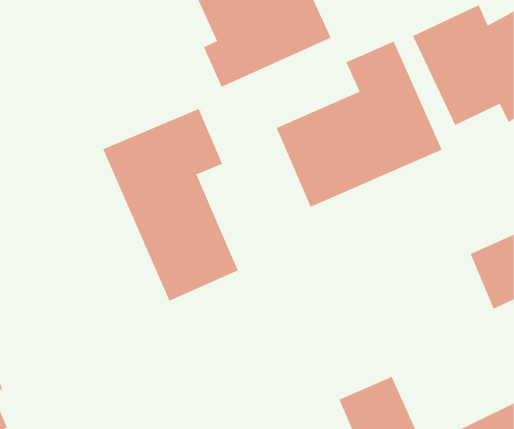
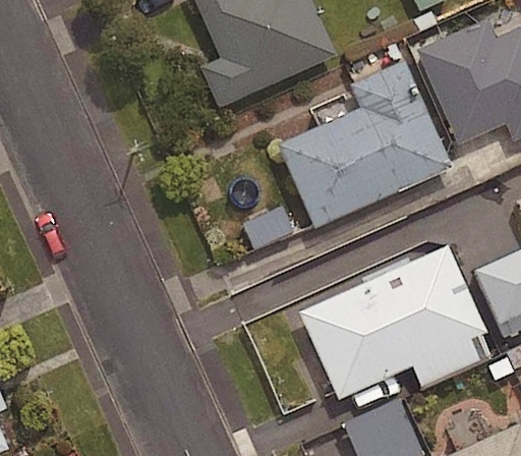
building: [103,108,239,301] -> none
building: none -> [300,246,494,398]

